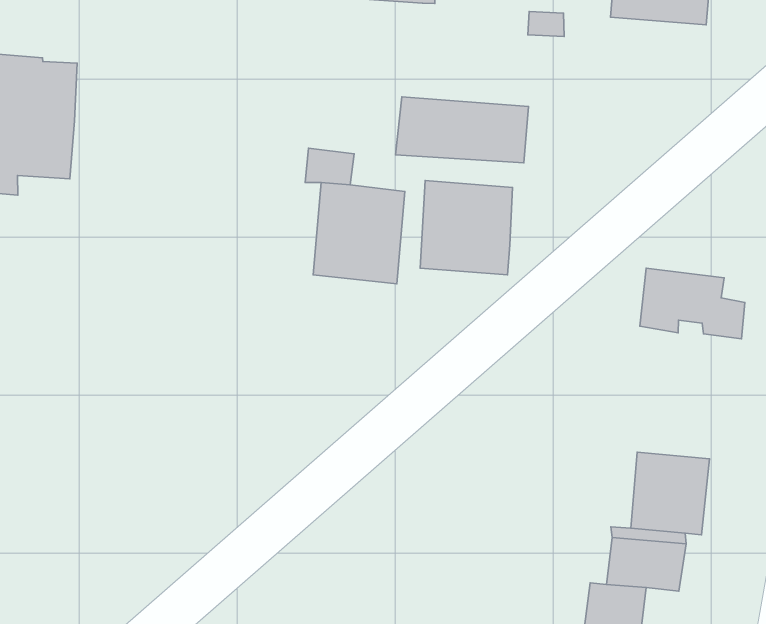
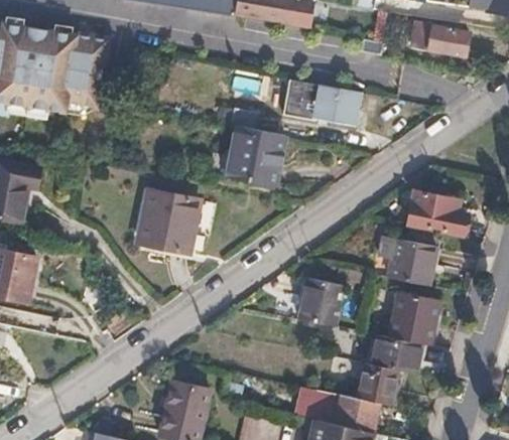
building: [420,181,512,275] -> none
building: none -> [138,188,199,249]
building: none -> [381,235,436,285]
building: none -> [300,276,347,324]

